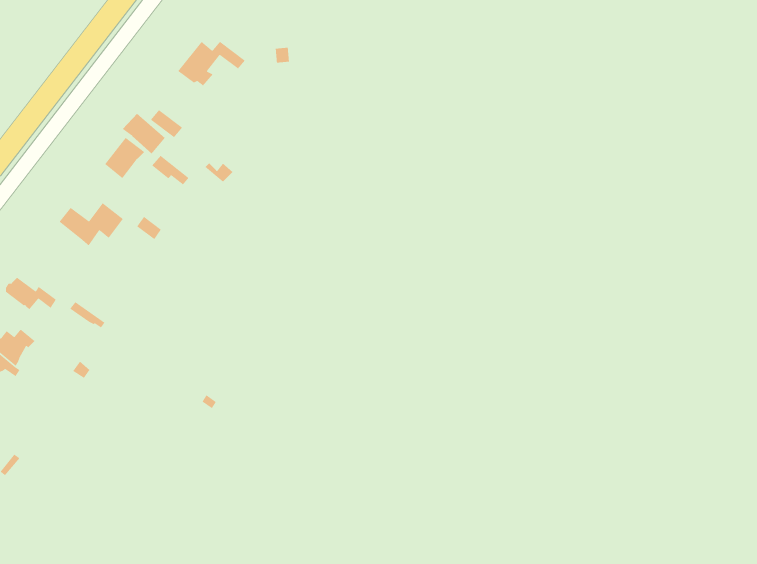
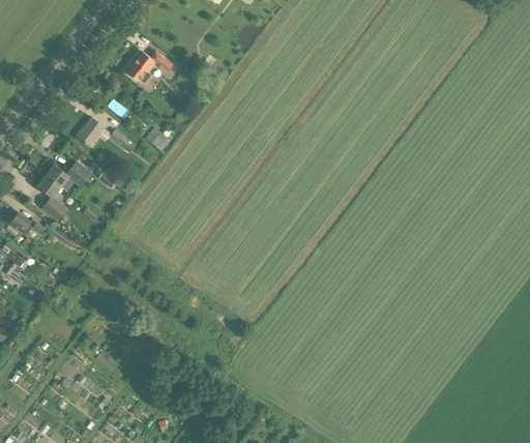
building: [122,113,166,154] -> none
building: none -> [37,175,66,219]

